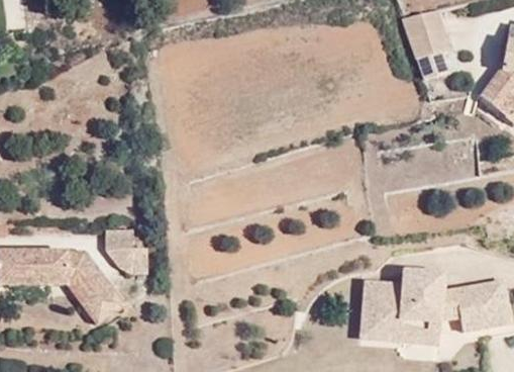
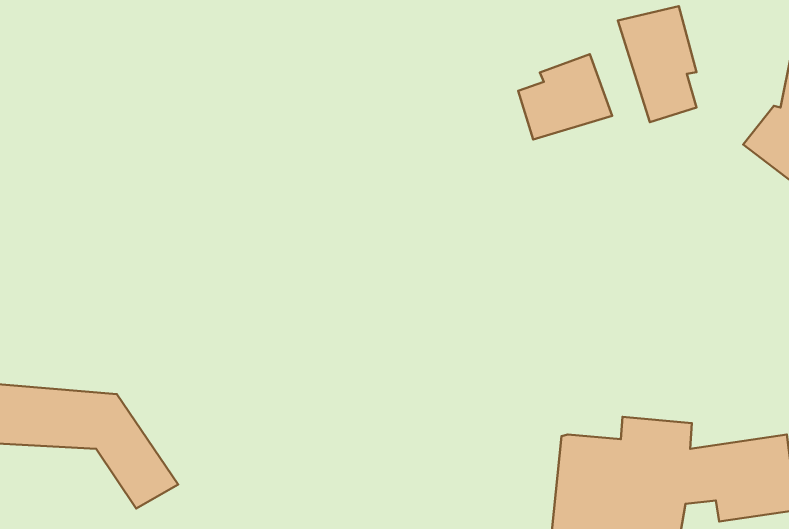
building: none -> [518,54,612,140]
building: [106,227,148,274] -> none

